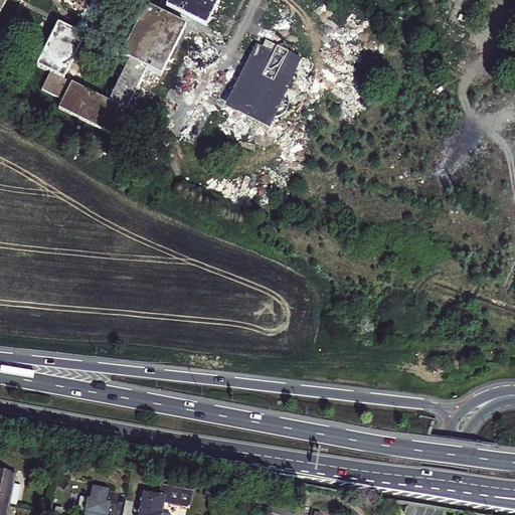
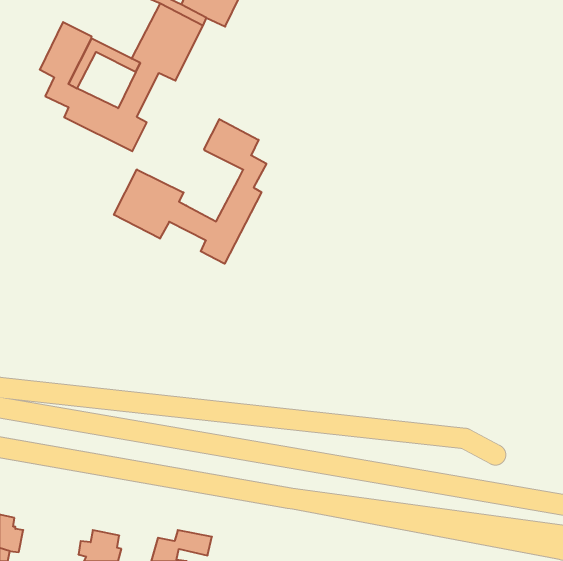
building: [226,37,300,122] -> none
building: none -> [114,119,266,264]

